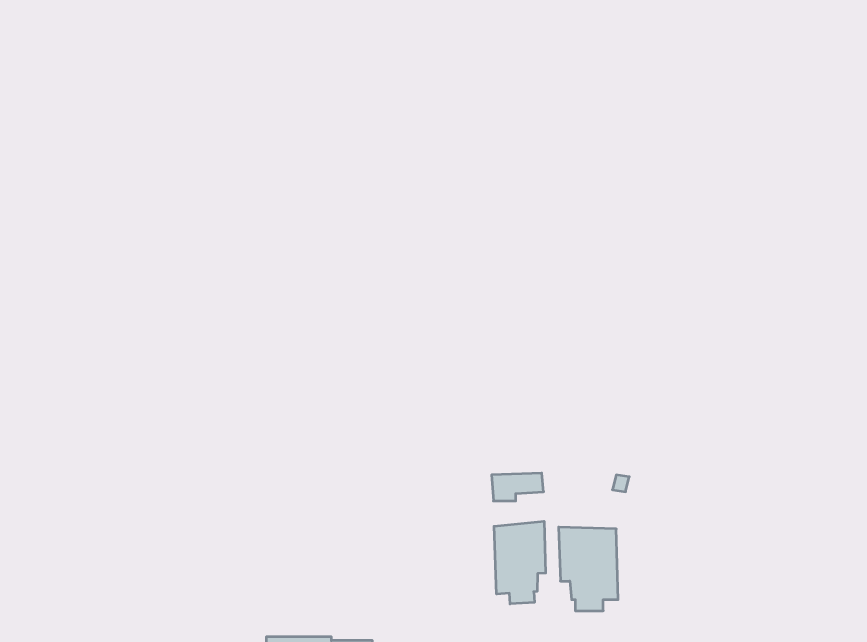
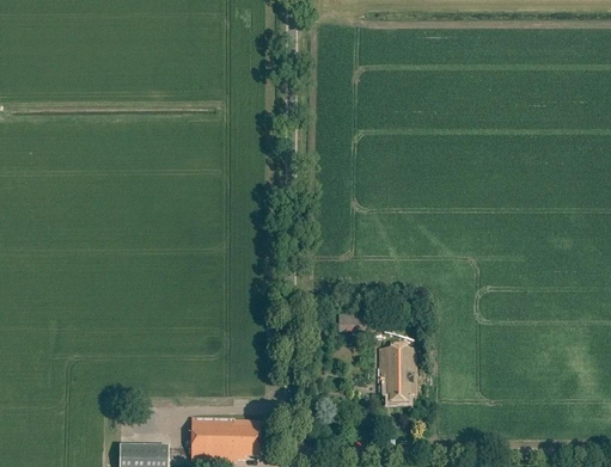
building: [494,521,546,604] -> none

